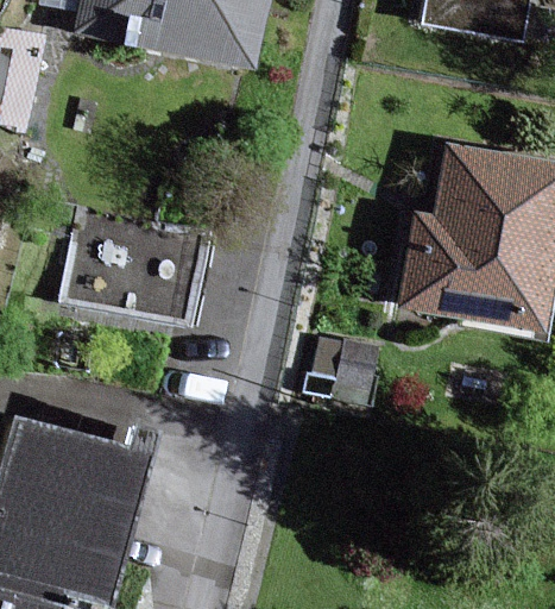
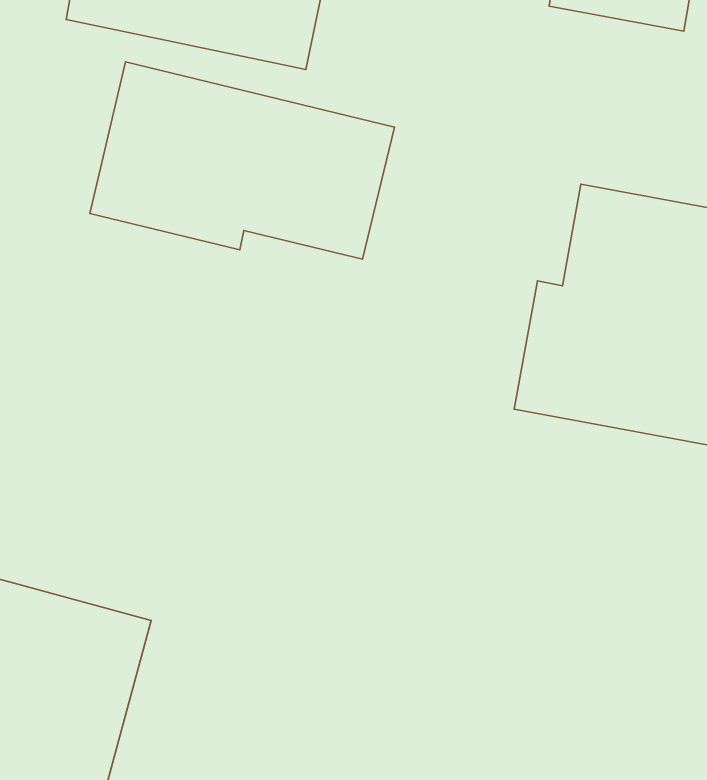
building: none -> [90,62,394,259]
building: [64,190,204,326] -> none

